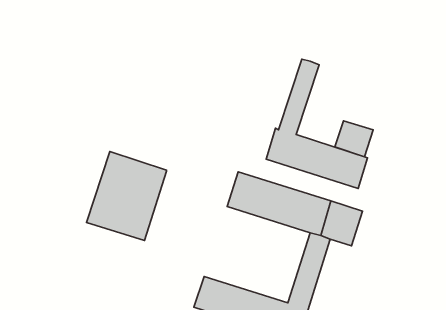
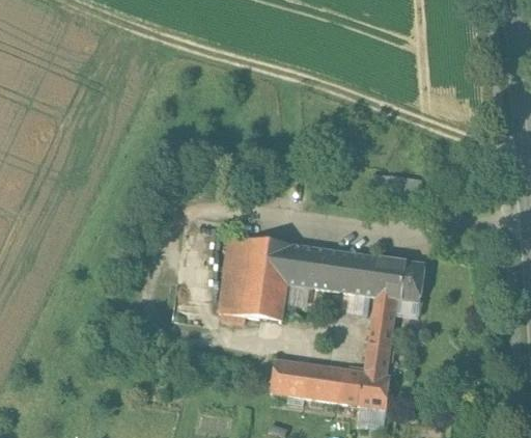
building: [266,59,368,189] -> none
building: [87,152,167,241] -> [218,235,290,320]

